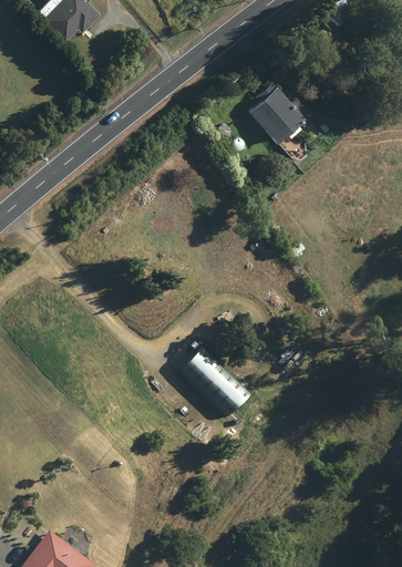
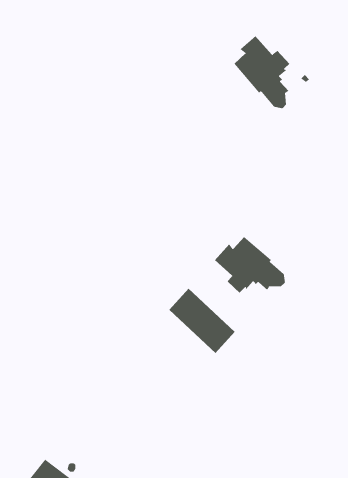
building: none -> [214,236,285,293]

